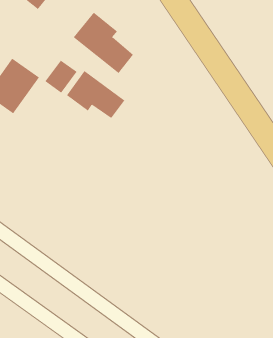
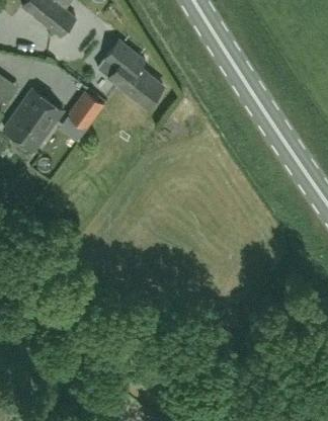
building: [66,70,125,119] -> none

